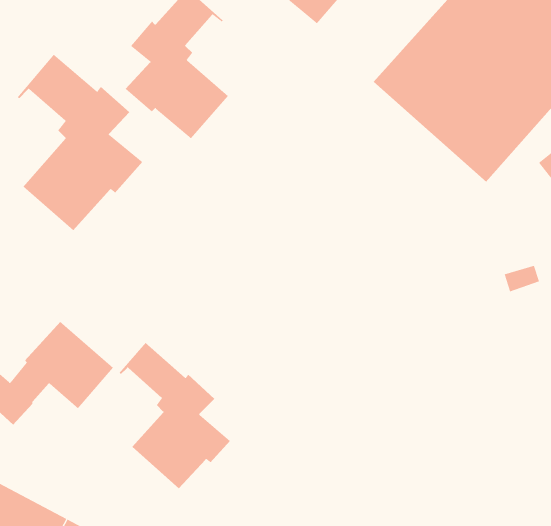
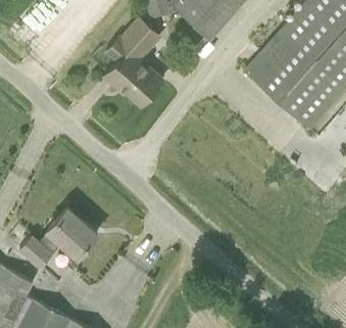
building: [17,54,143,231] -> none
building: [119,342,231,489] -> none

